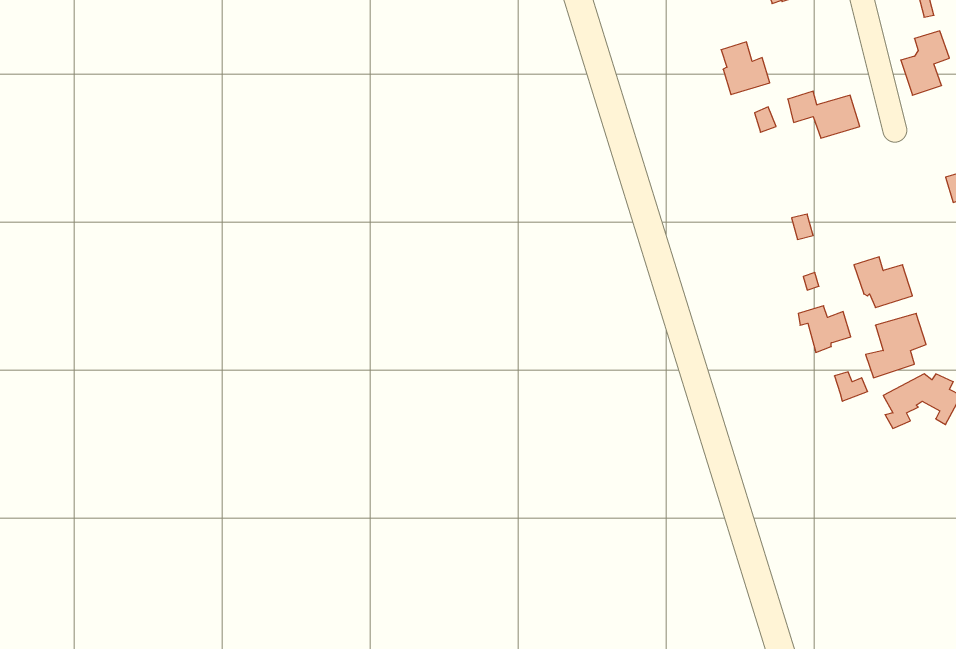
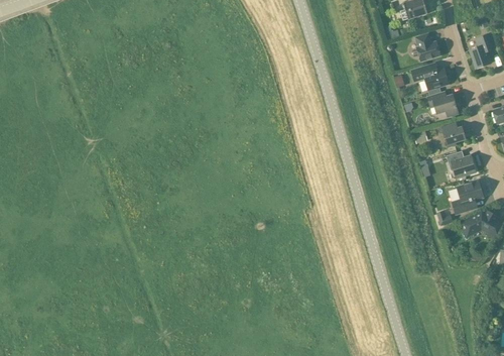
building: [721,42,770,95] -> [415,33,440,61]
building: none -> [427,92,458,116]
building: [798,306,851,352] -> [438,123,466,147]

